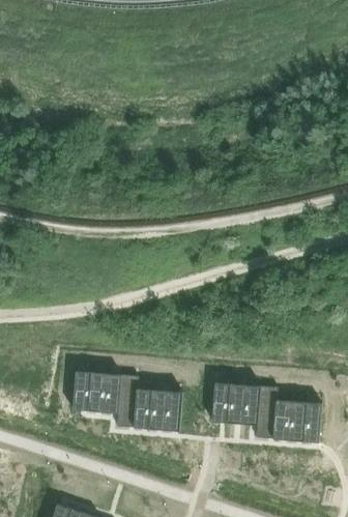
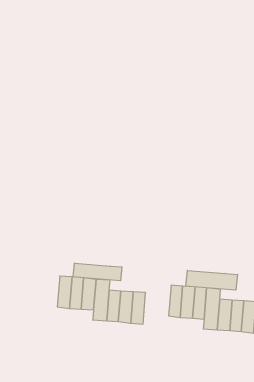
building: none -> [73,263,122,281]
building: none -> [186,270,237,290]

